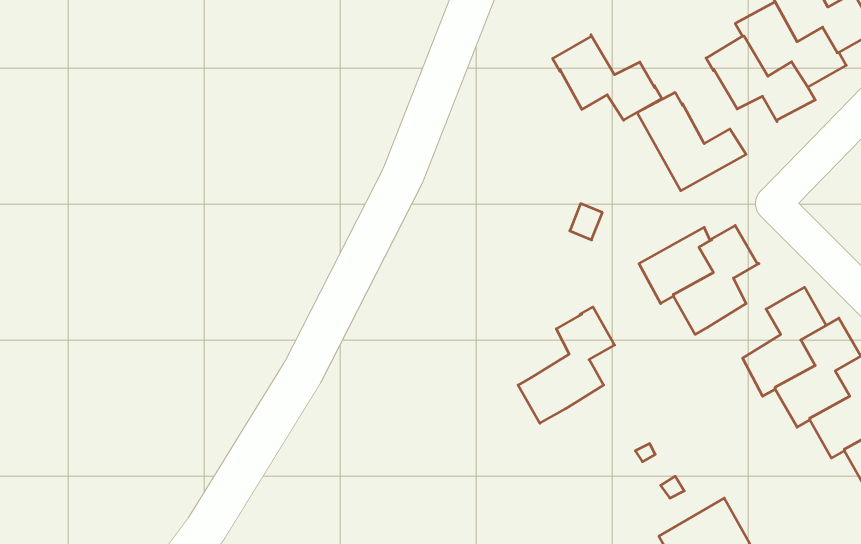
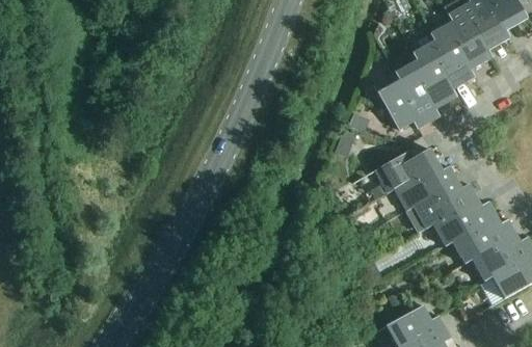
building: [553,35,662,120] -> [395,59,457,108]
building: [518,307,615,423] -> [406,166,461,233]

